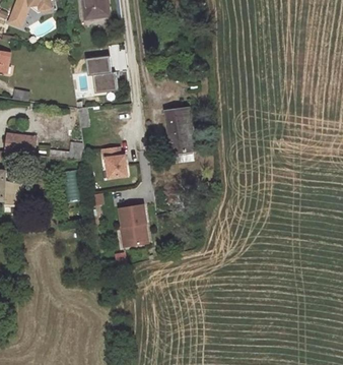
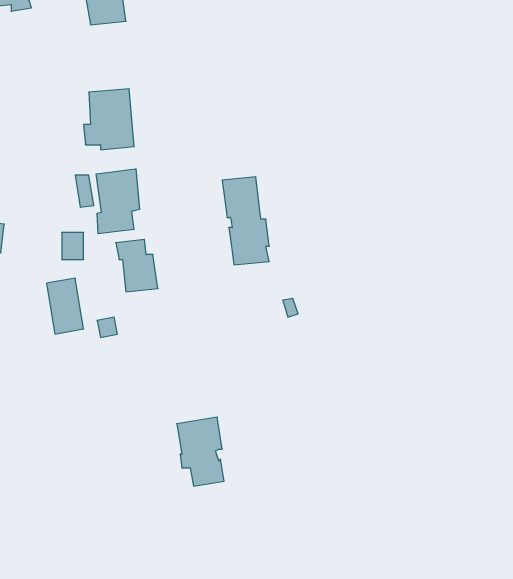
building: none -> [96,169,140,234]
building: [119,203,147,245] -> [177,417,224,486]

